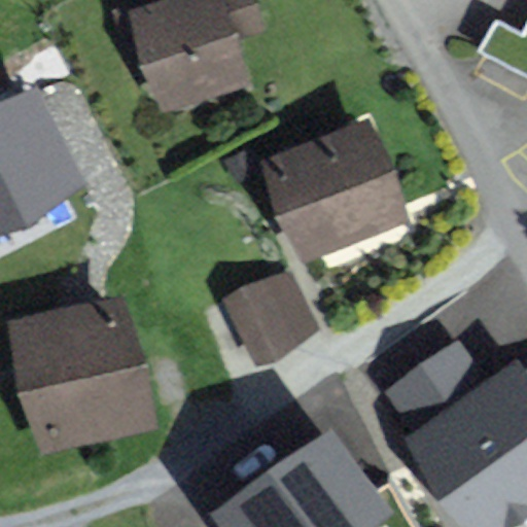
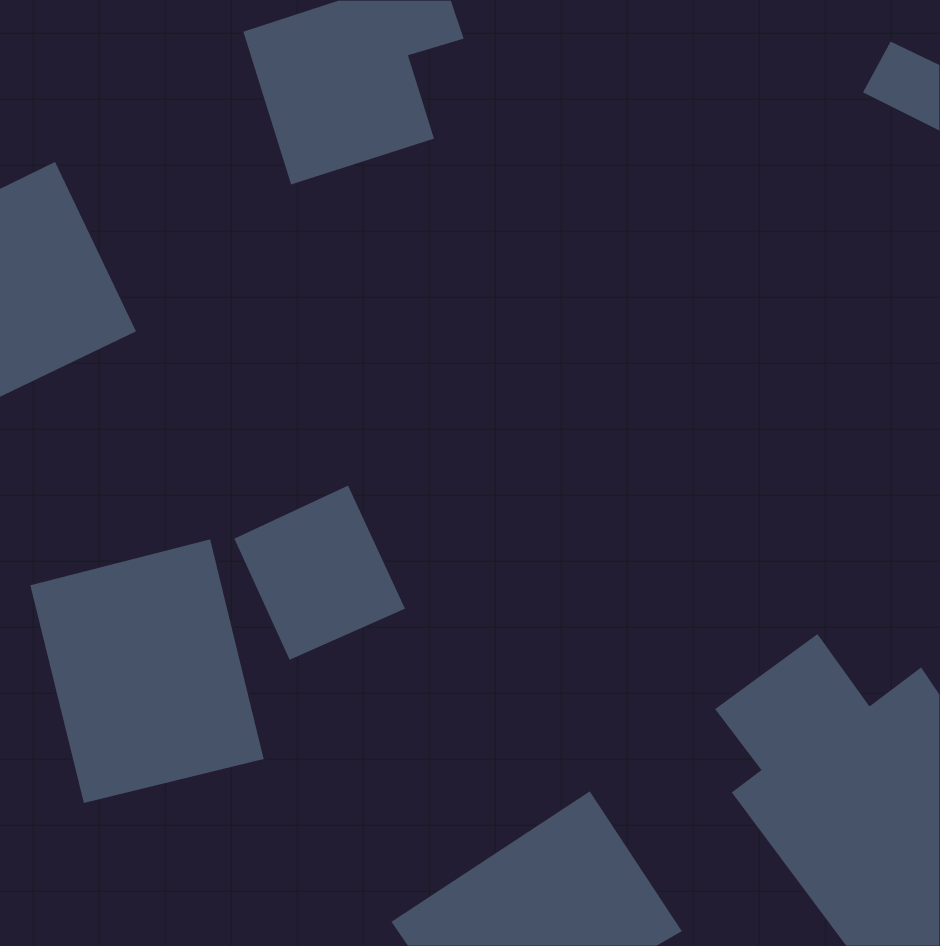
building: [264,128,400,253] -> none
building: [224,267,320,364] -> [234,485,406,661]

